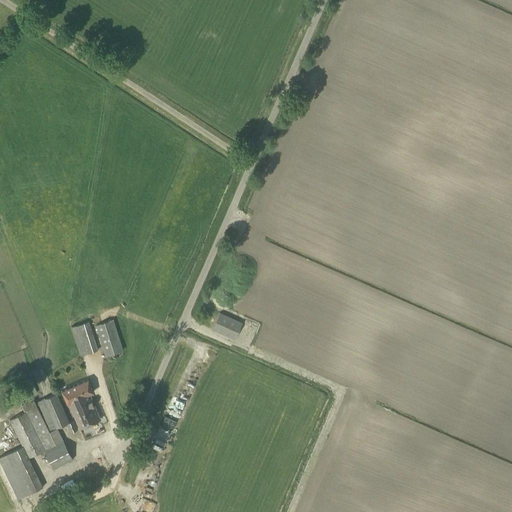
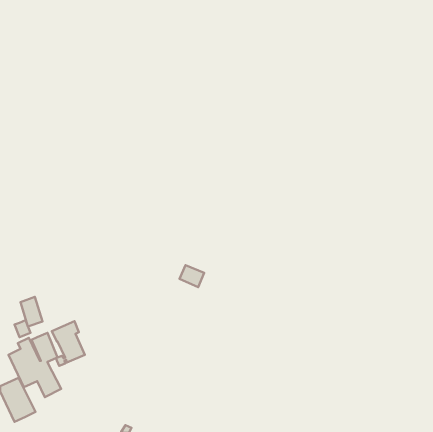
building: [95,321,122,357] -> none
building: [71,322,97,357] -> [20,297,42,327]

